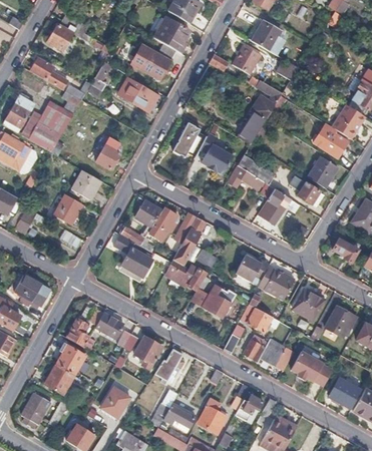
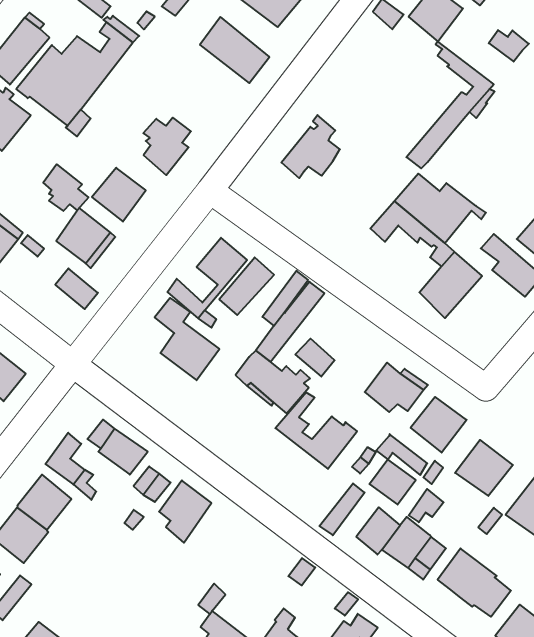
building: [201,132,234,175] -> none
building: none -> [43,164,88,211]
building: [153,349,183,384] -> none
building: [101,387,129,417] -> none

